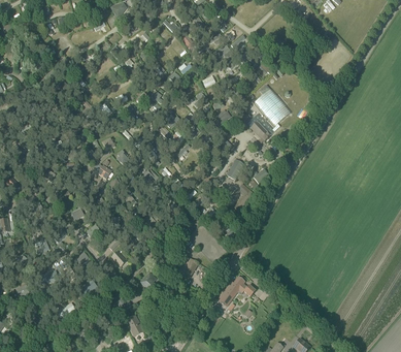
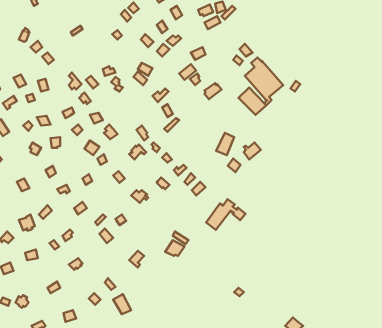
building: [218,276,256,306] -> [206,199,245,230]

